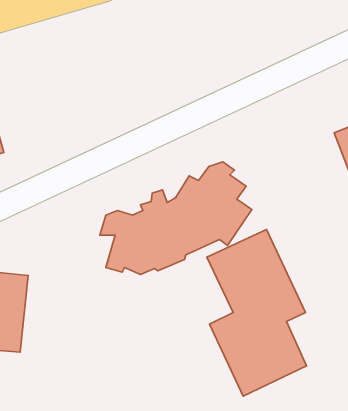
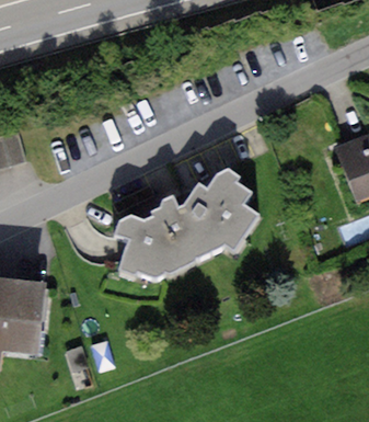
building: [207,230,306,396] -> none

